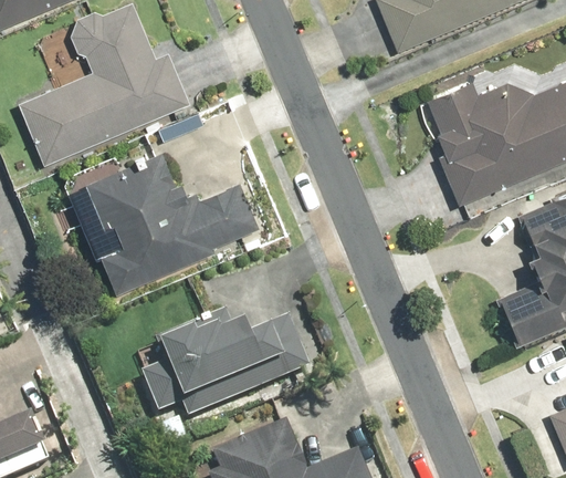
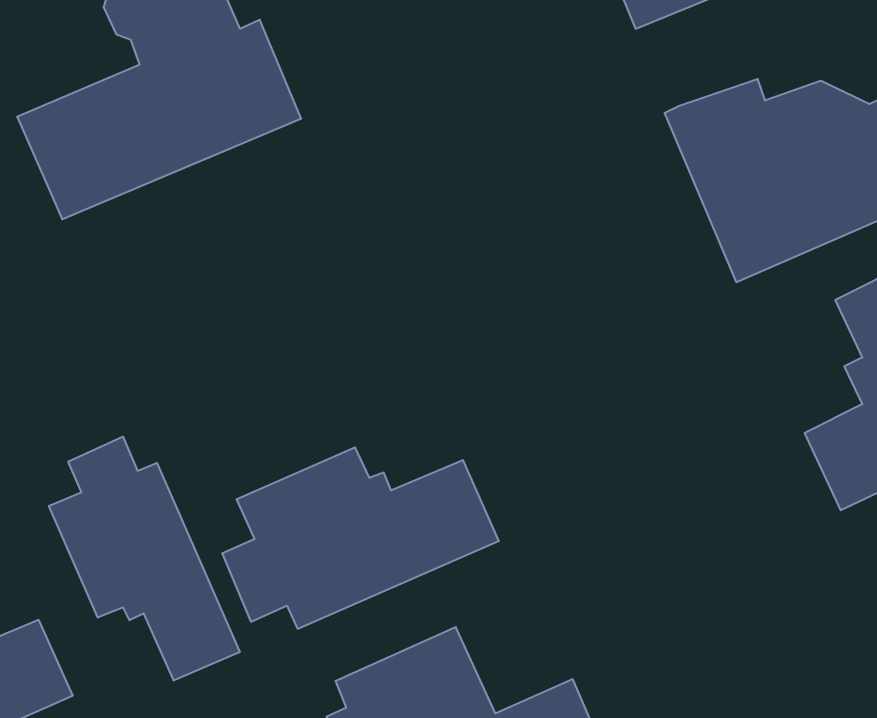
building: [83,152,263,295] -> none
building: none -> [49,437,240,681]

